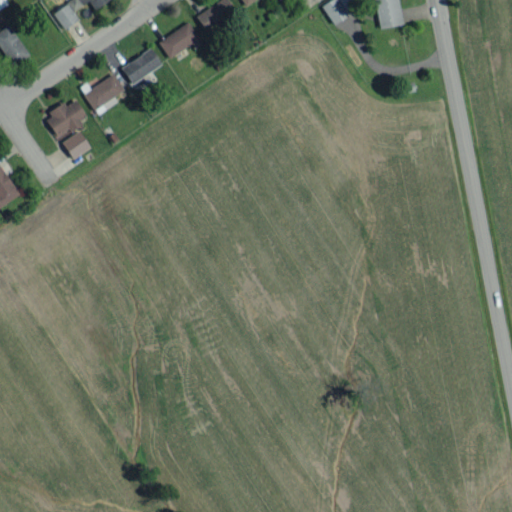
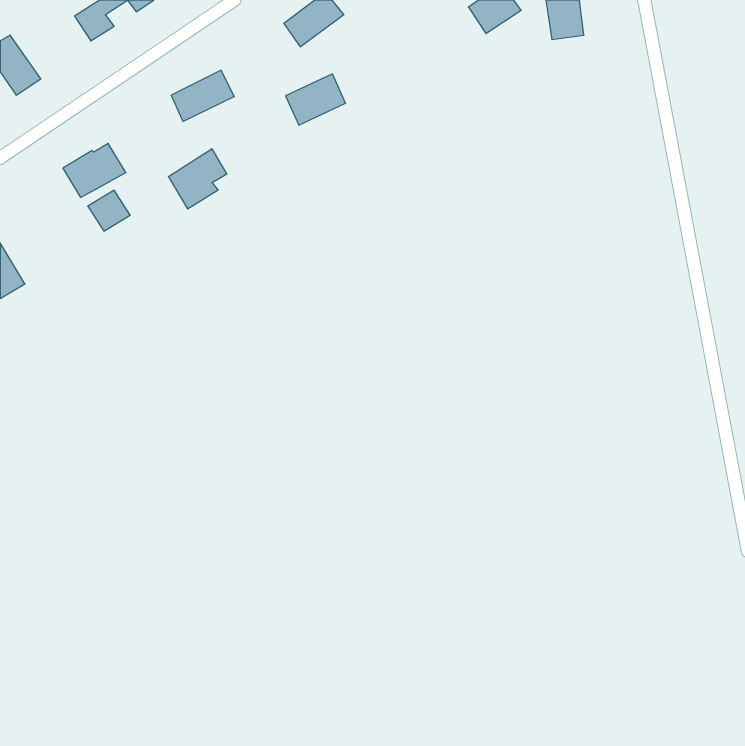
building: [159,23,200,58] -> [286,74,346,125]
building: [84,74,124,115] -> [168,149,227,209]

